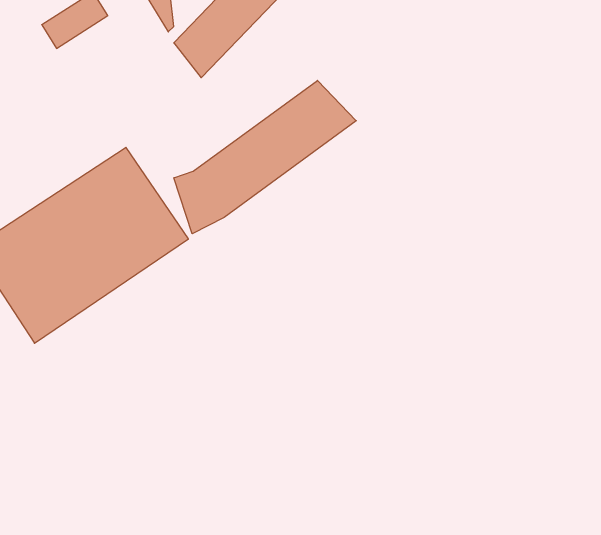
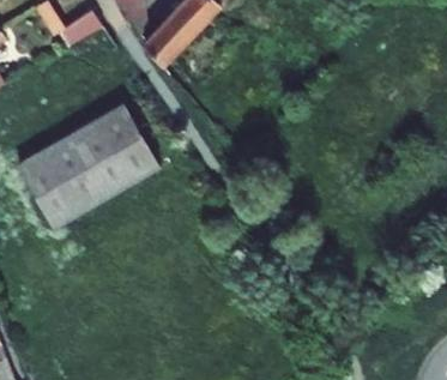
building: [174,80,356,234] -> none

